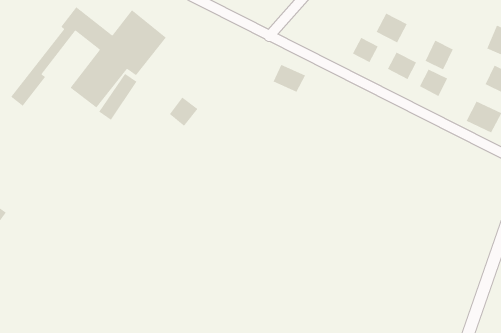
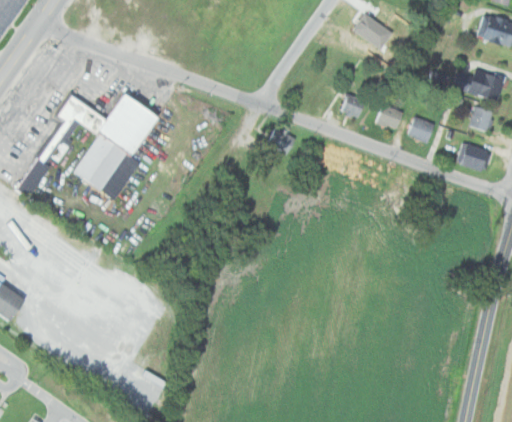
building: [375,13,408,43] -> none
building: [425,40,454,71] -> none
building: [169,97,198,127] -> none

